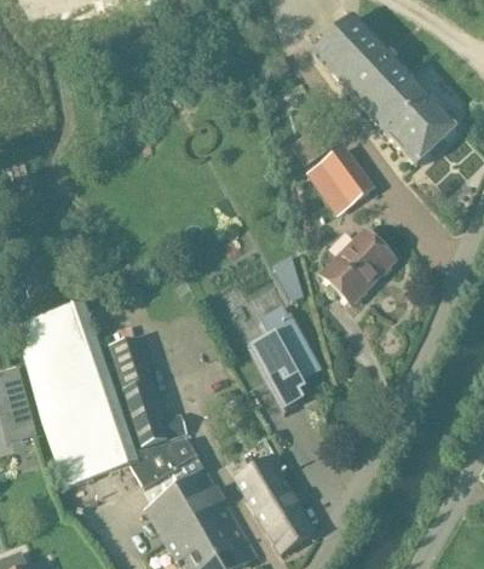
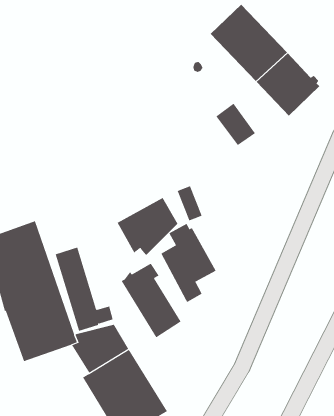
building: [321,229,393,301] -> none
building: none -> [117,197,178,256]
building: [234,453,313,552] -> [121,263,182,338]

